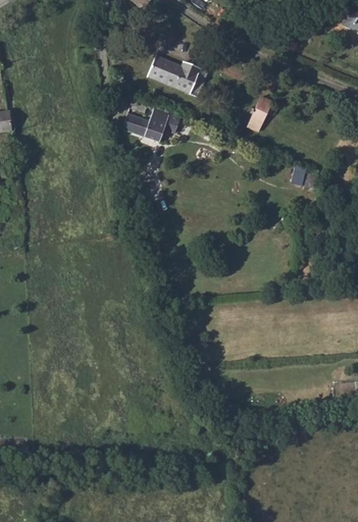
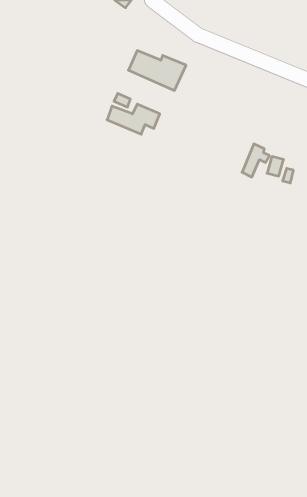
building: [248,95,276,129] -> [242,144,269,177]

